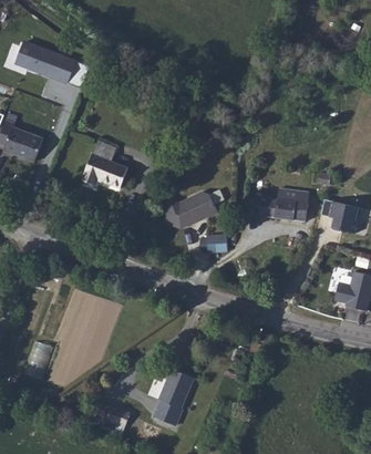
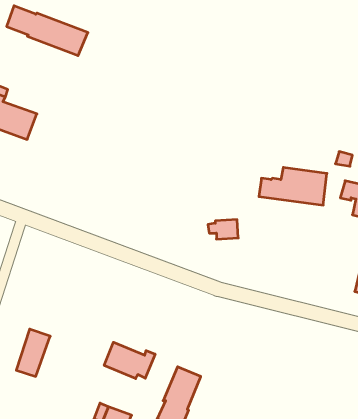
building: [82,142,127,188] -> none
building: [161,192,216,228] -> none
building: none -> [104,342,155,379]

